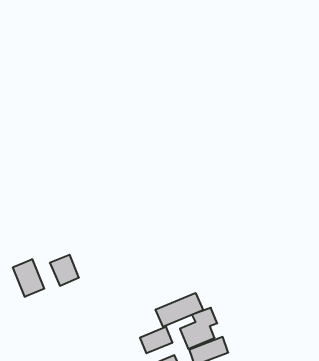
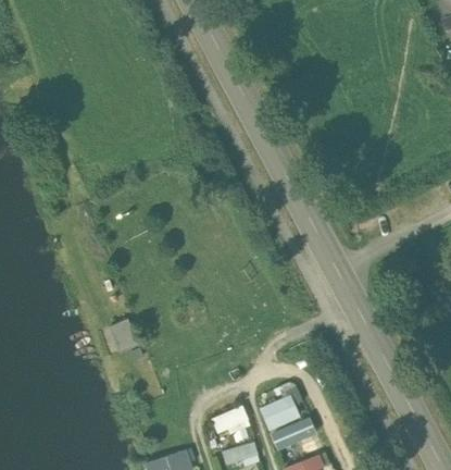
building: [13,259,44,297] -> none
building: [156,293,203,327] -> none

